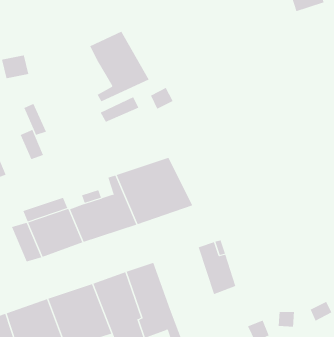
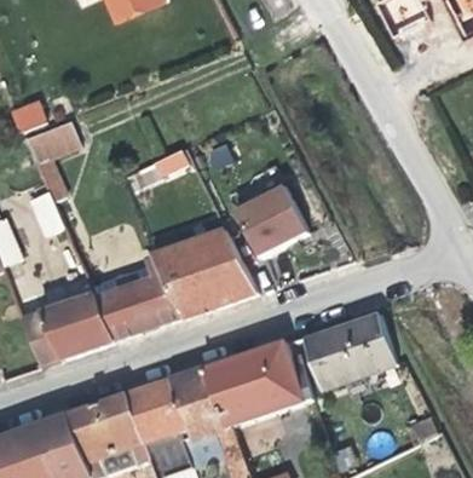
building: [89,31,149,102] -> none
building: none -> [25,125,80,166]
building: none -> [237,186,311,257]
building: none -> [306,315,397,388]
building: none -> [207,347,284,428]

